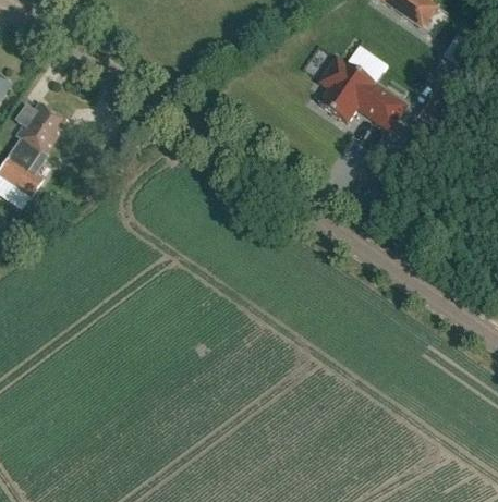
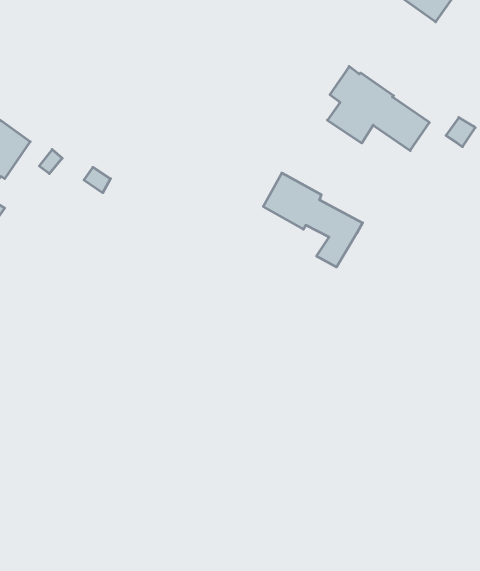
building: none -> [263,173,363,267]

